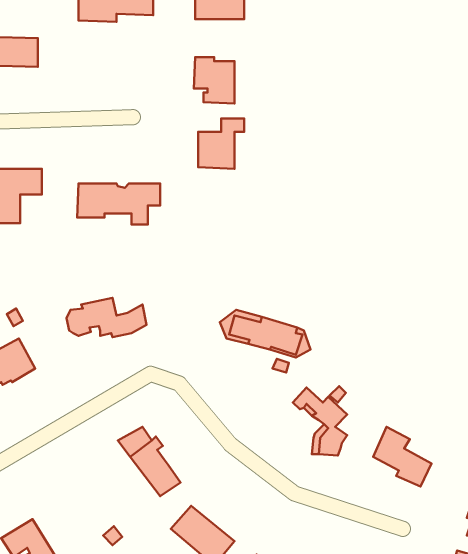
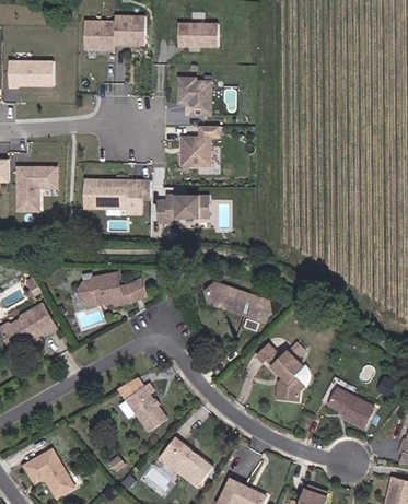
building: none -> [159,192,208,218]

